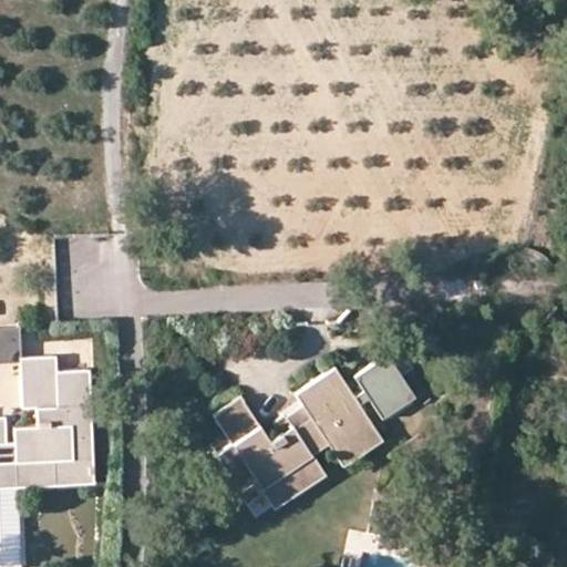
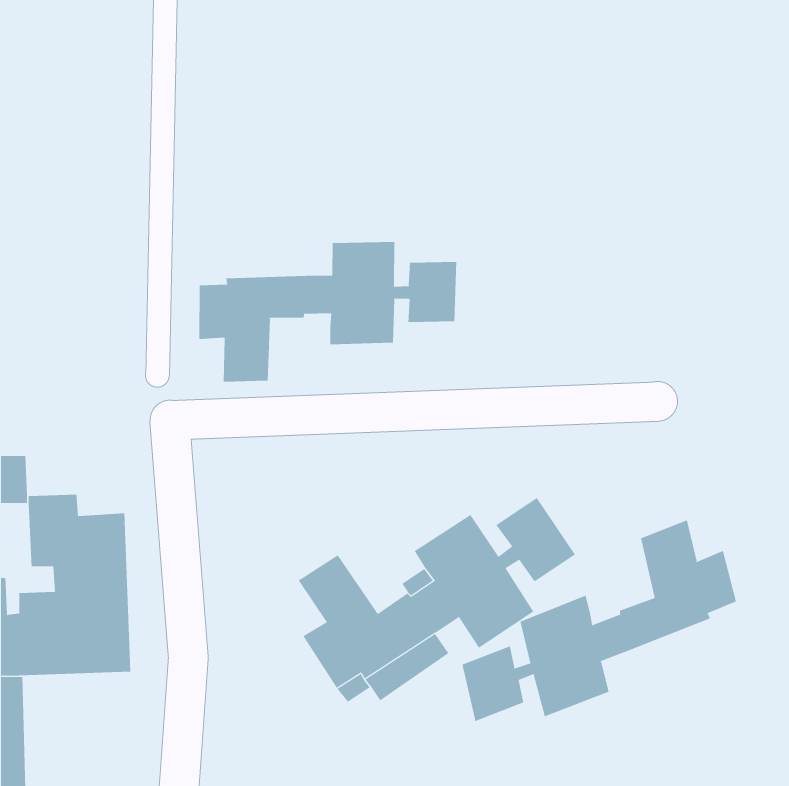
building: none -> [199,241,457,382]
building: none -> [462,520,736,722]

